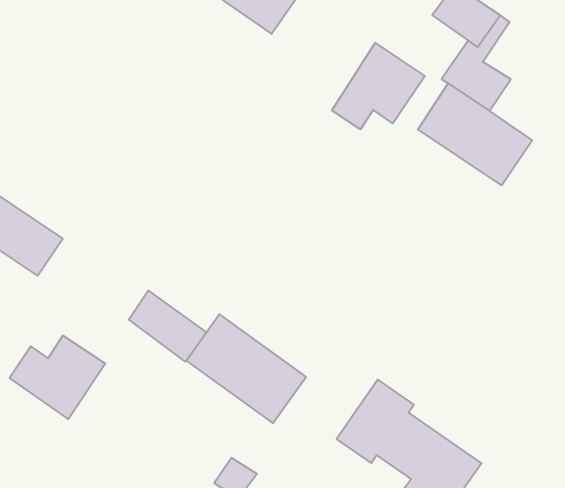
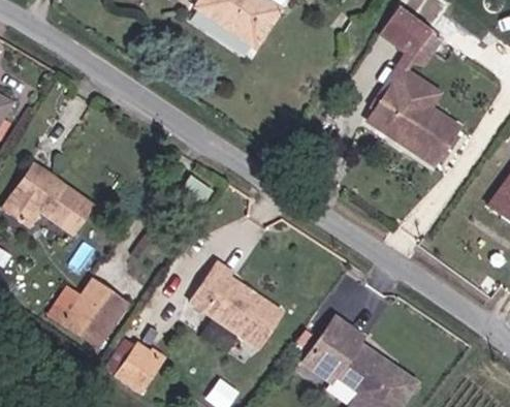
building: [332,43,425,129] -> none
building: [129,291,207,362] -> none
building: none -> [118,346,160,390]

